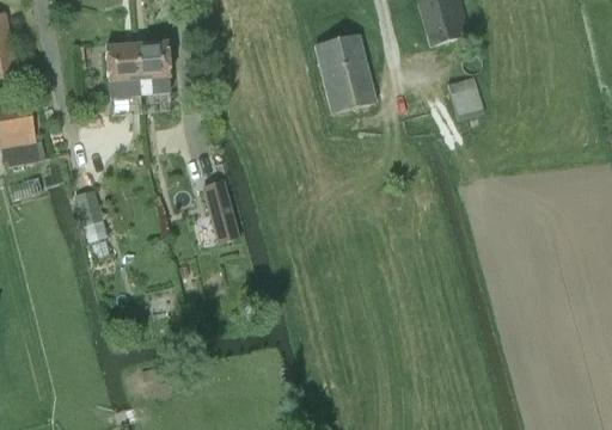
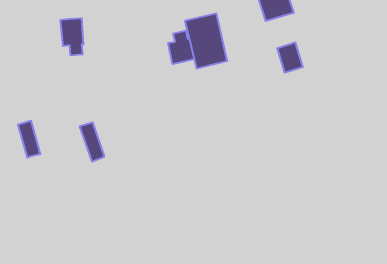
building: [104,43,139,97] -> none
building: none -> [168,31,194,64]
building: [207,180,243,236] -> [80,122,104,161]

